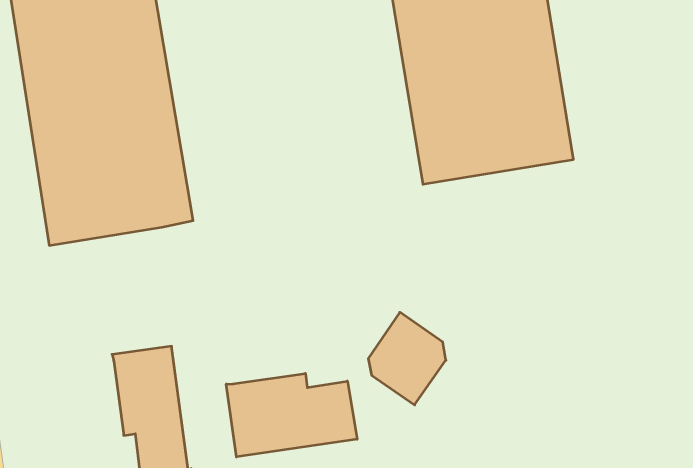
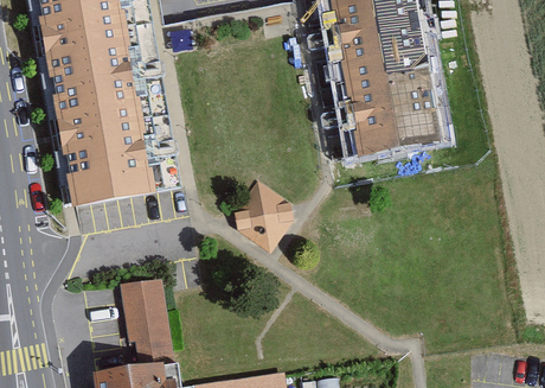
building: [368,312,446,405] -> [233,184,289,250]
building: [226,373,357,457] -> none

